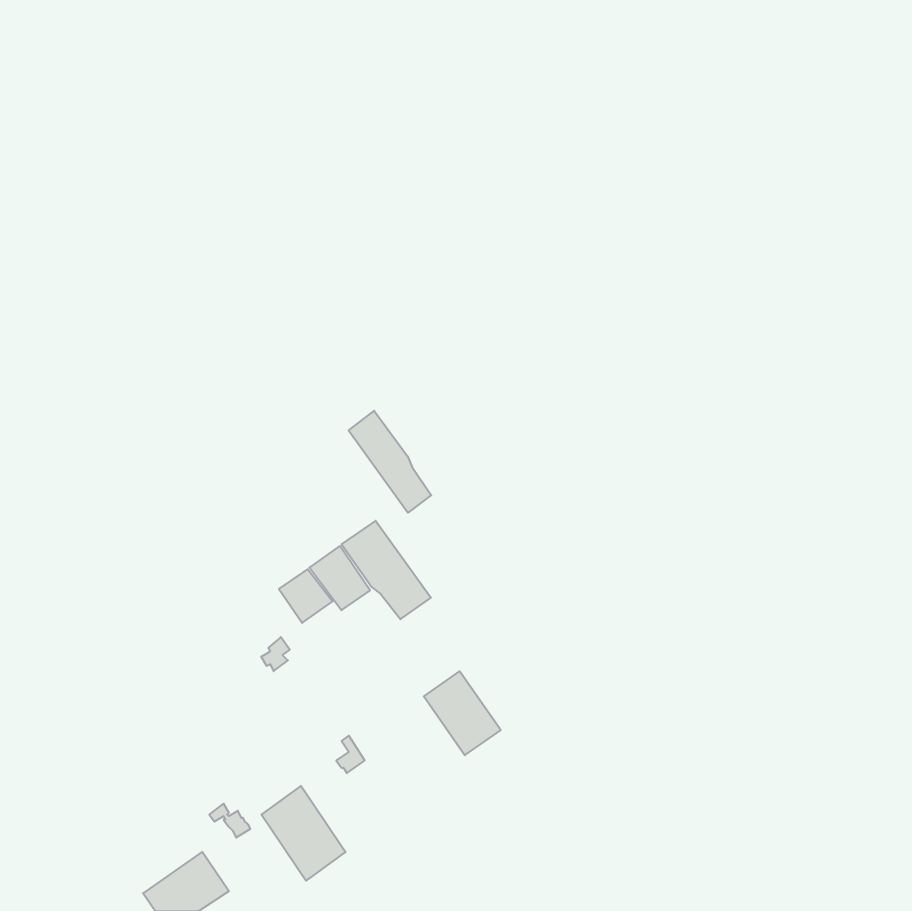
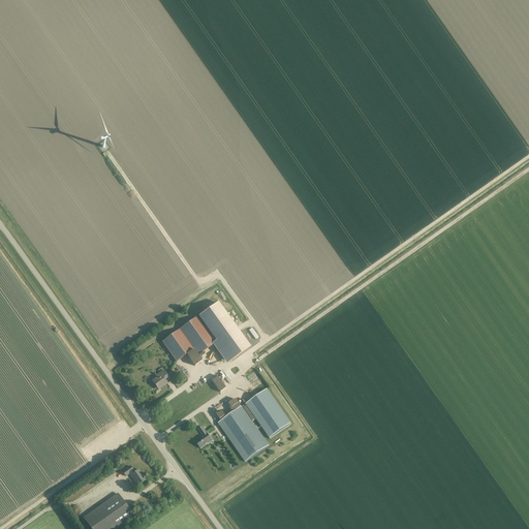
building: [349,411,431,513] -> none
building: [261,786,346,881] -> [218,405,267,460]

